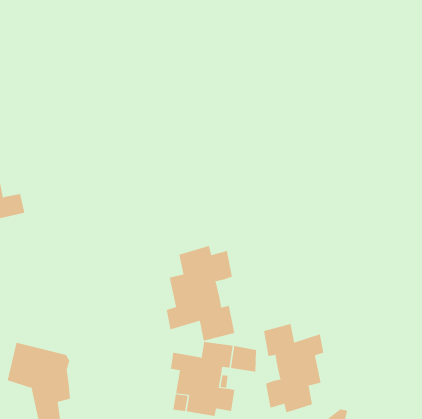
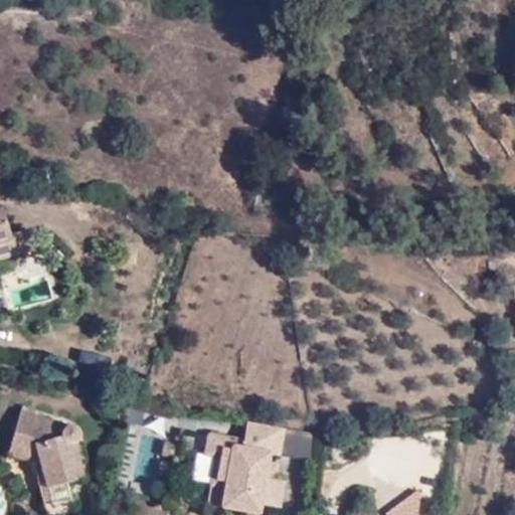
building: [166,245,235,341] -> none
building: [263,323,324,413] -> none

